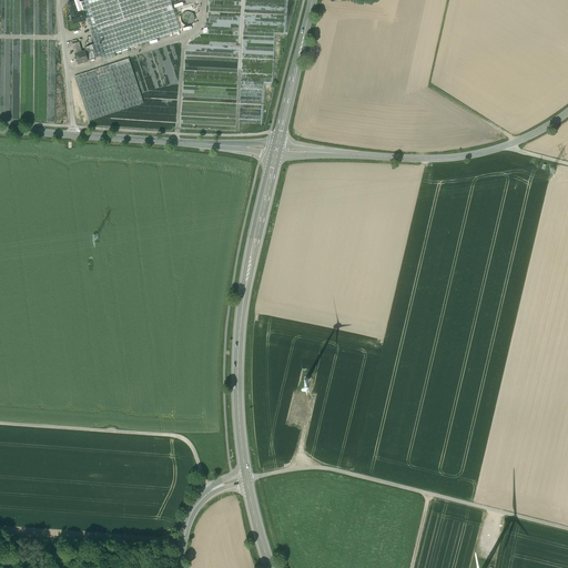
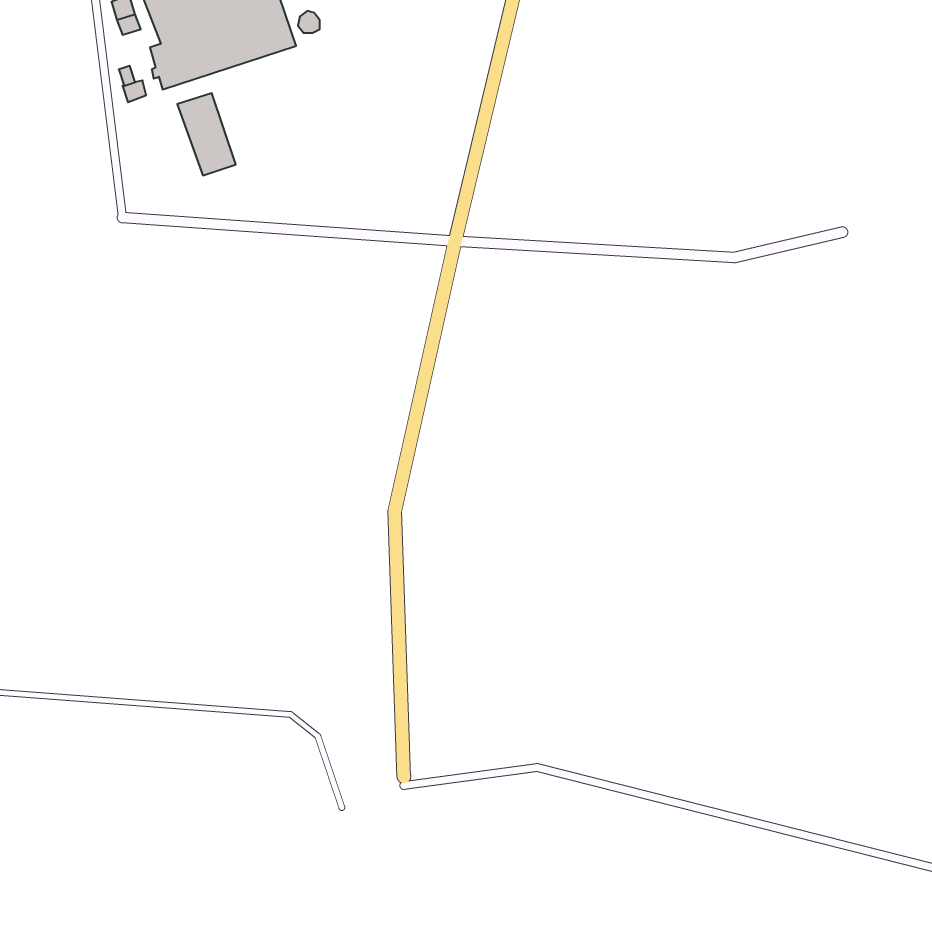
building: [75,63,124,118] -> none

